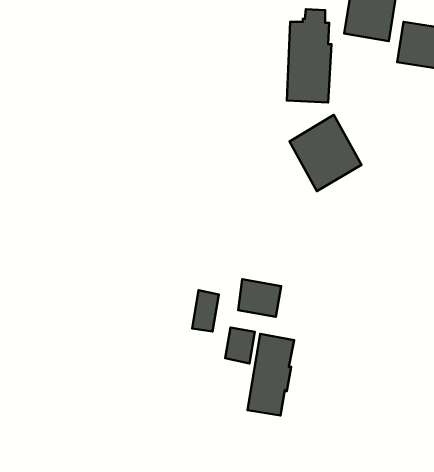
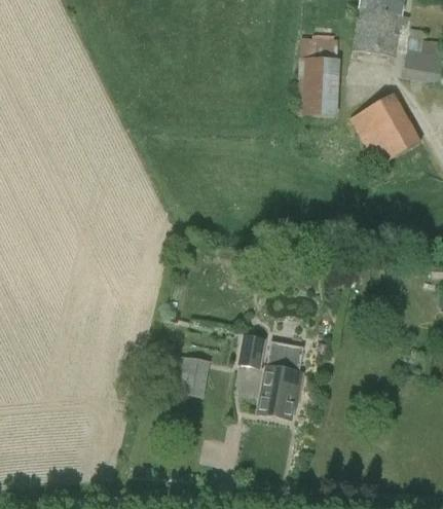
building: [289,115,362,191] -> [350,92,420,166]
building: [238,279,281,317] -> none
building: [192,290,219,332] -> [174,355,199,395]

